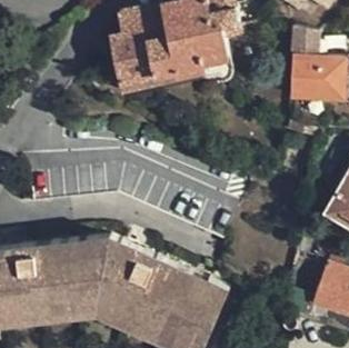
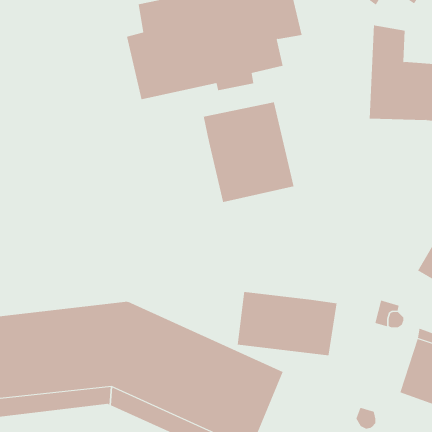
building: none -> [203,101,294,203]
building: none -> [237,291,337,356]

